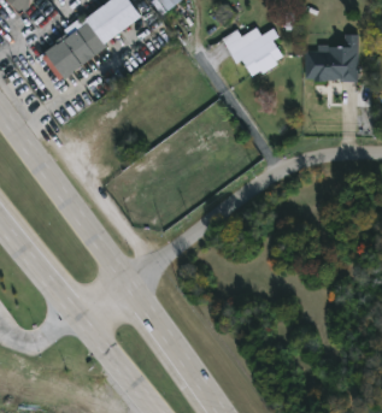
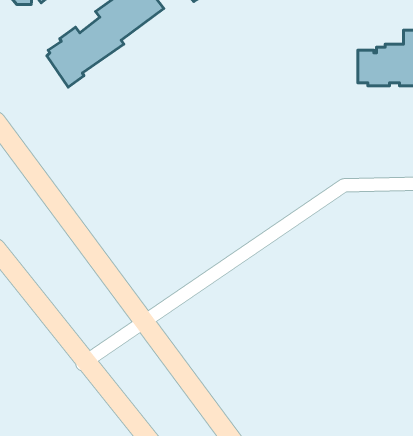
building: [222,26,284,76] -> none

